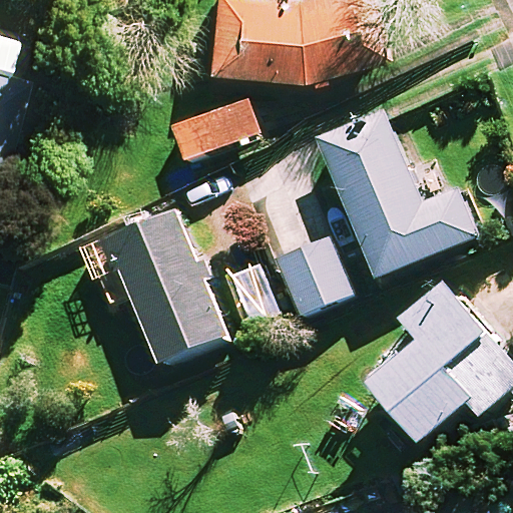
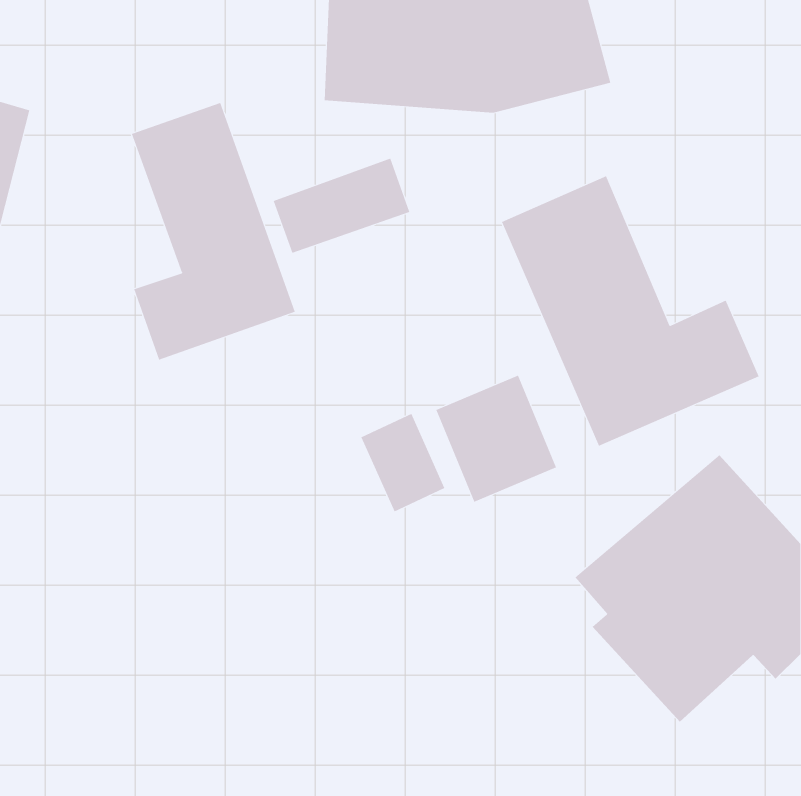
building: none -> [131,102,295,360]
building: [105,206,232,367] -> none

